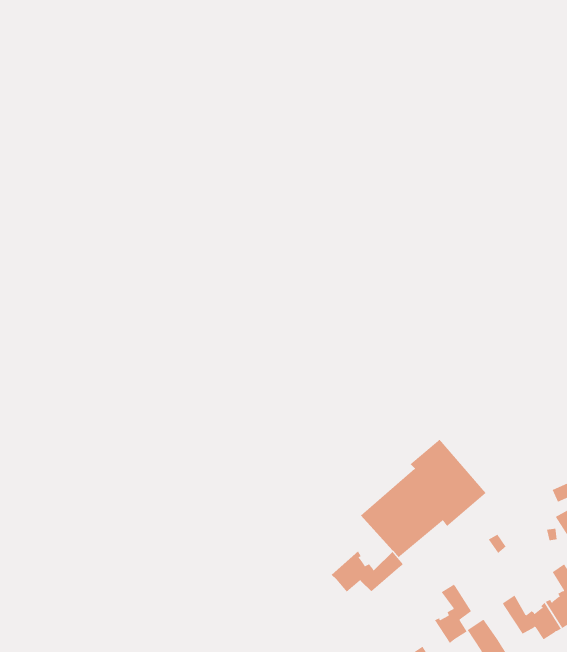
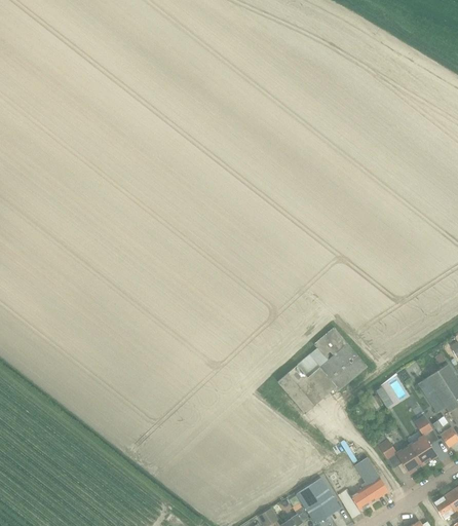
building: [331,551,403,592] -> none
building: [434,584,472,644] -> none

